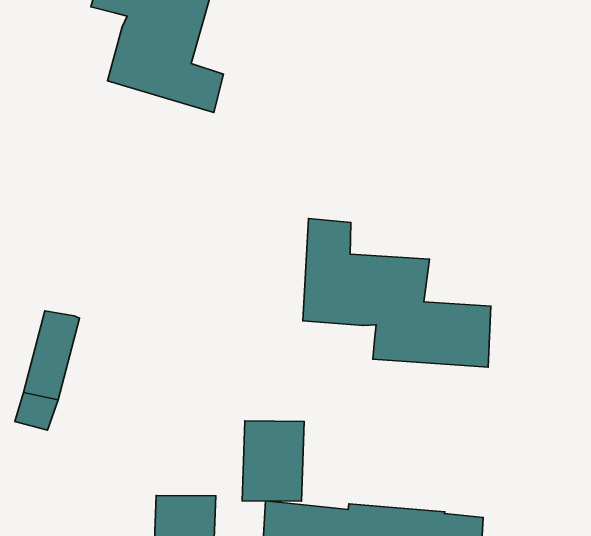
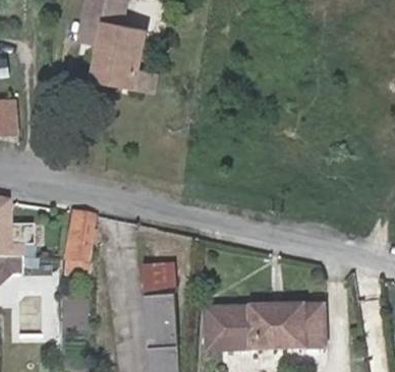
building: [303,218,491,367] -> none
building: [242,421,304,501] -> [140,261,176,308]

